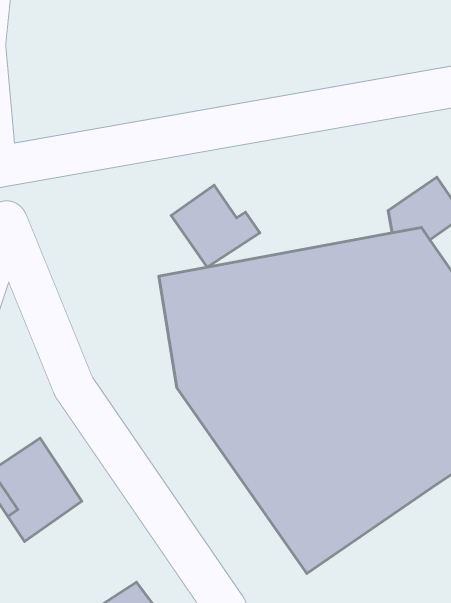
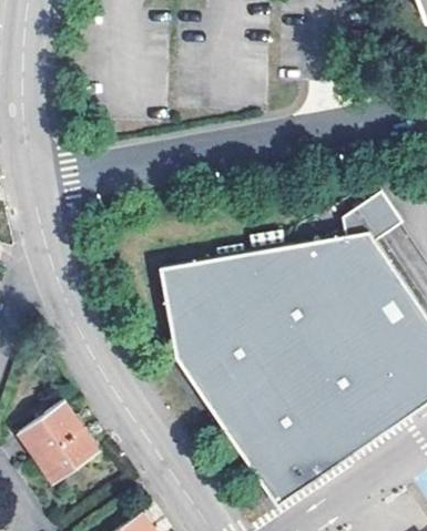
building: [171,185,260,267] -> none

